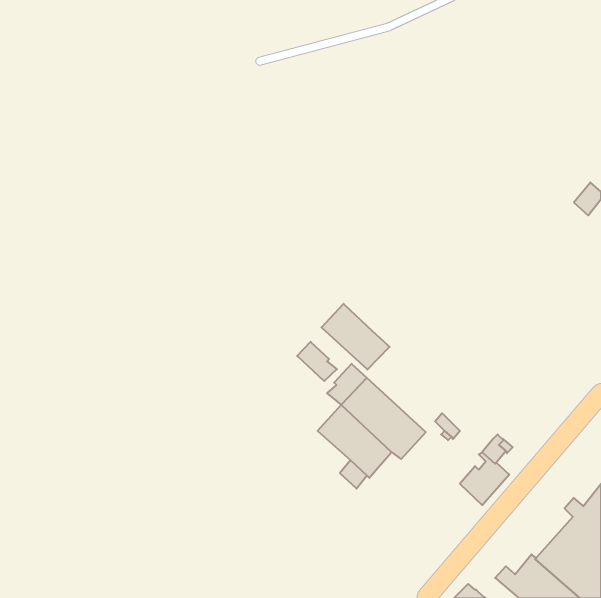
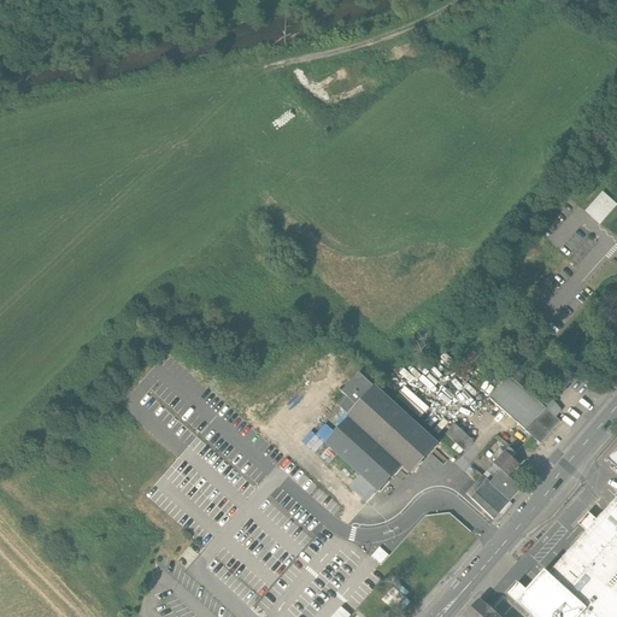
building: [321,304,390,370] -> none
building: [297,342,337,381] -> none
building: none -> [489,374,560,441]

